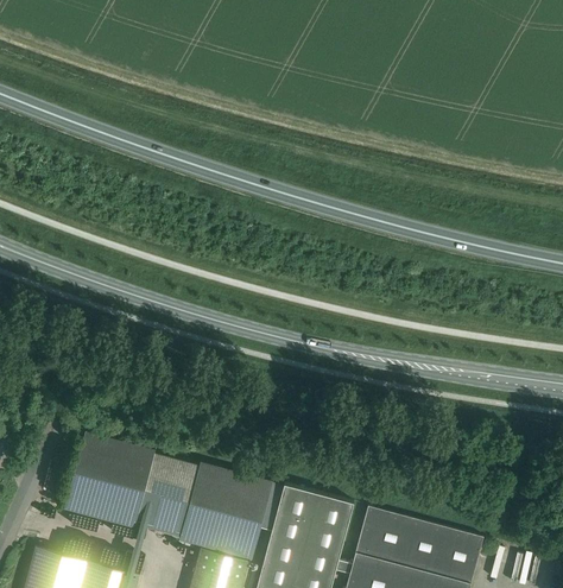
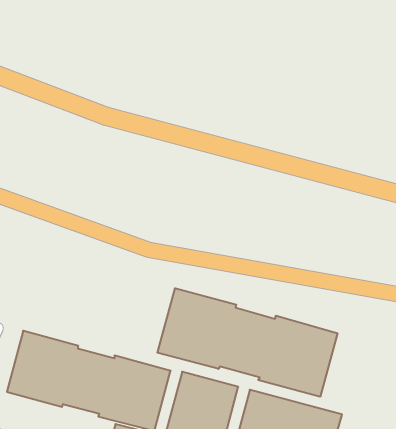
building: none -> [157,288,337,397]

